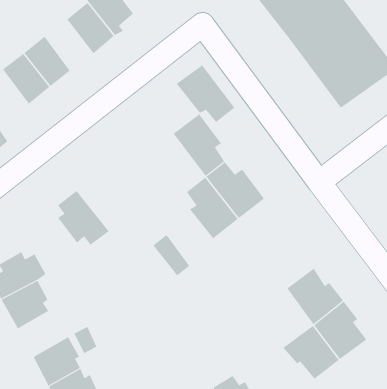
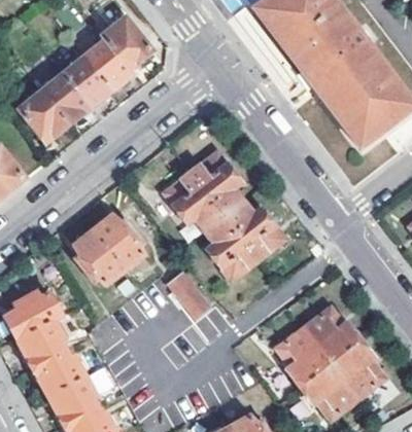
building: none -> [61,57,109,108]
building: [176,64,235,123] -> [163,172,222,230]
building: none -> [93,213,143,269]
building: none -> [277,327,331,387]
building: none -> [33,350,84,396]

